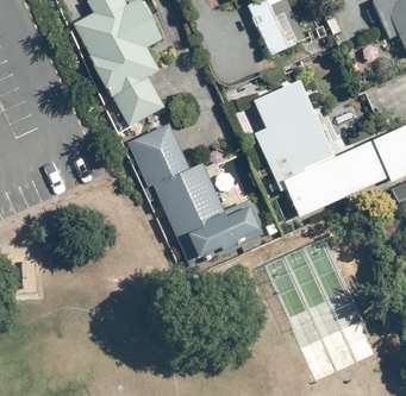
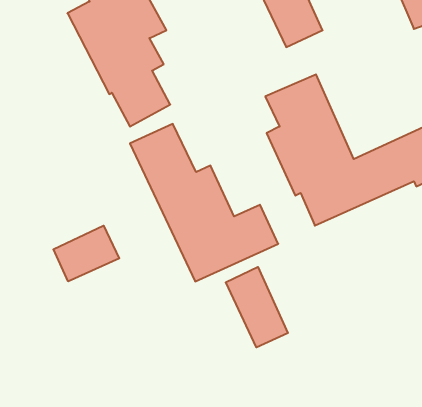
building: none -> [53,226,119,281]
building: none -> [226,267,288,347]

